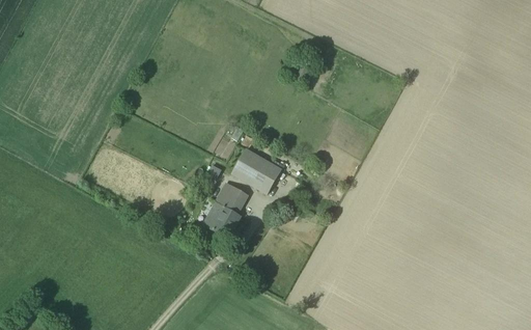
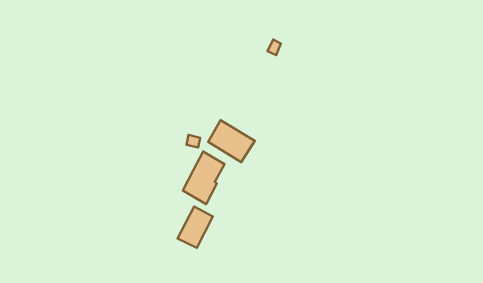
building: none -> [177,207,213,248]

